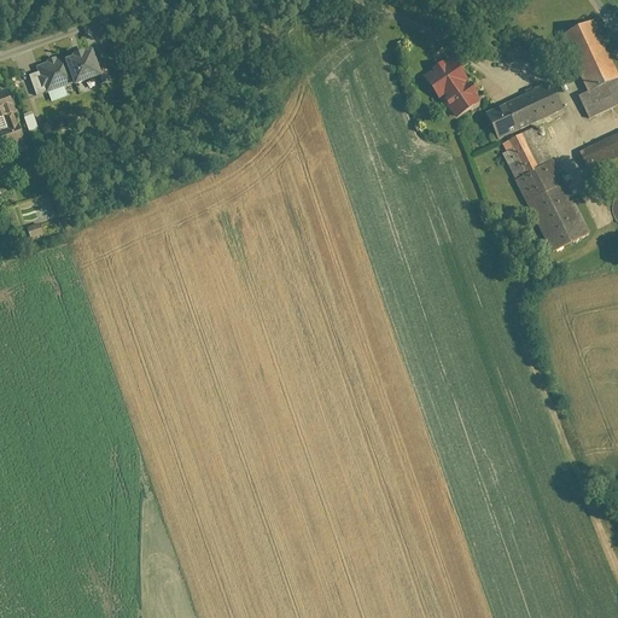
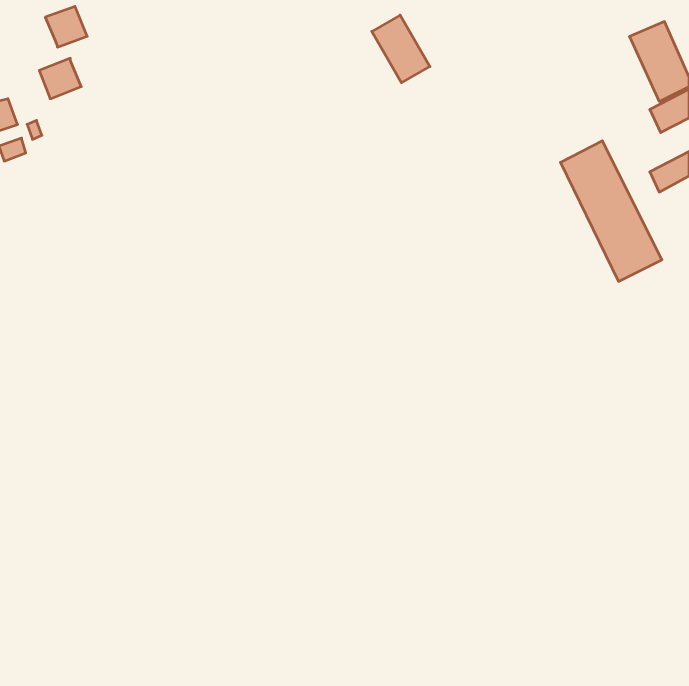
building: [63,45,100,81] -> [45,6,87,47]
building: [427,56,479,116] -> [372,15,430,83]
building: [484,81,562,139] -> none

